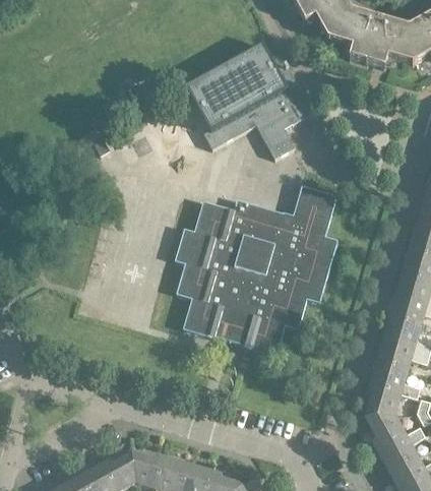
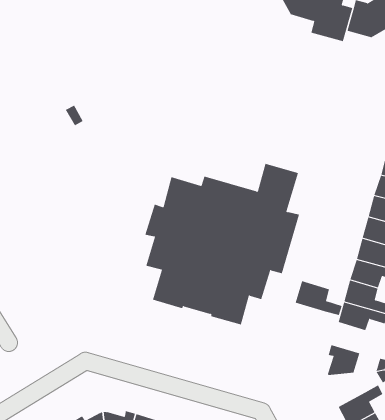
building: [186,42,312,156] -> none
building: [370,359,420,395] -> [295,281,342,315]
building: [367,412,406,447] -> none

